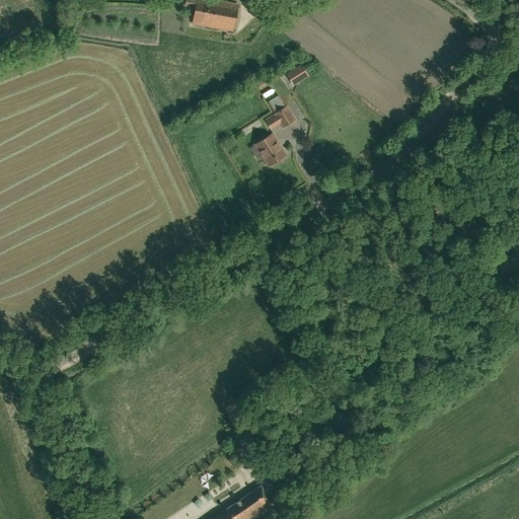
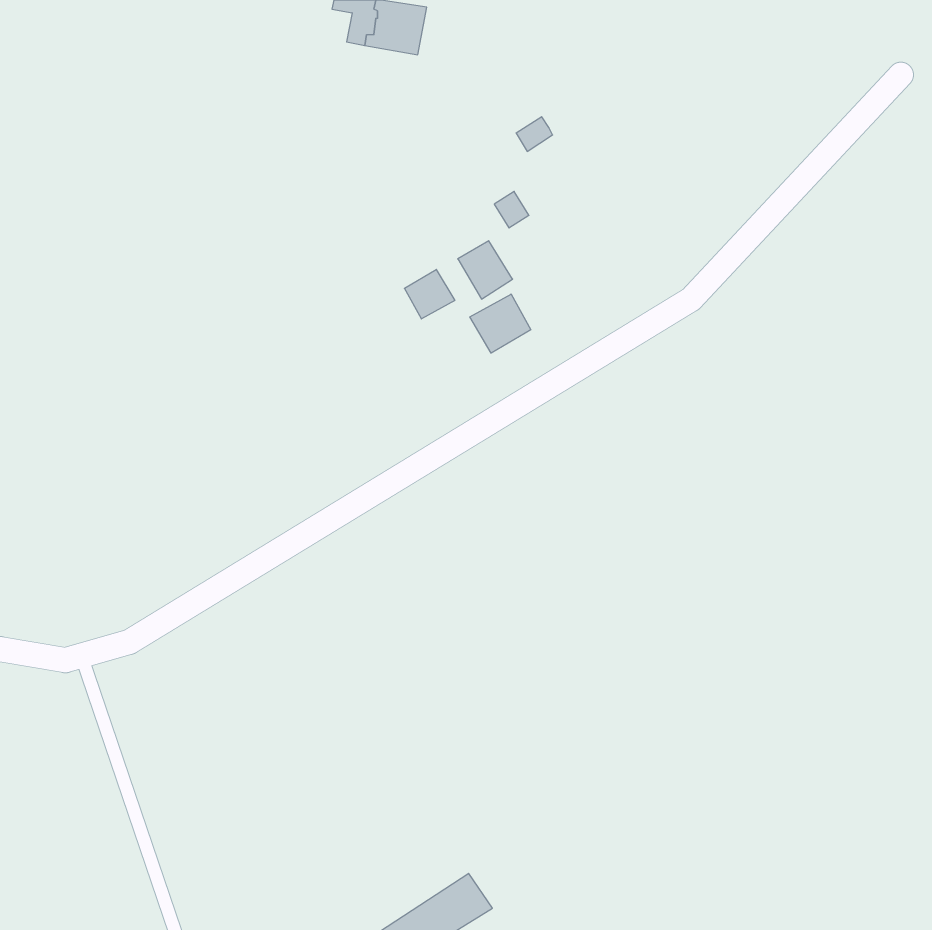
building: none -> [404,269,455,319]
building: none -> [470,294,531,353]

